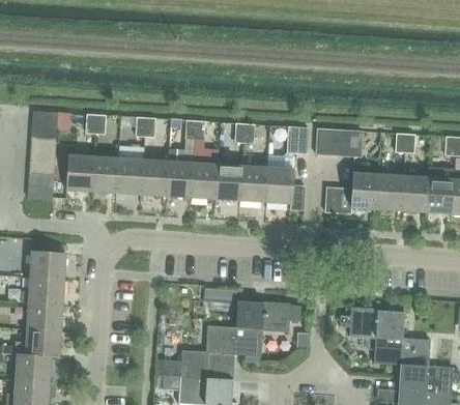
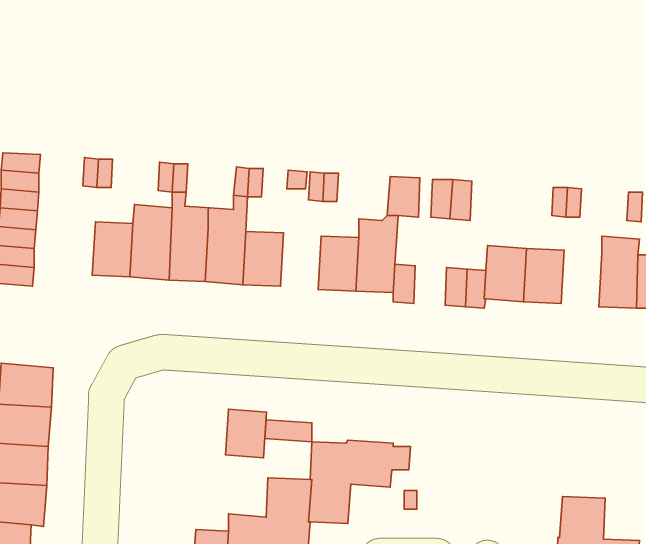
building: [341,129,363,156] -> none
building: [66,154,93,192] -> none
building: [215,164,242,201] -> none
building: [401,175,428,212] -> none
building: none -> [226,409,266,458]
building: [340,307,404,365] -> none

